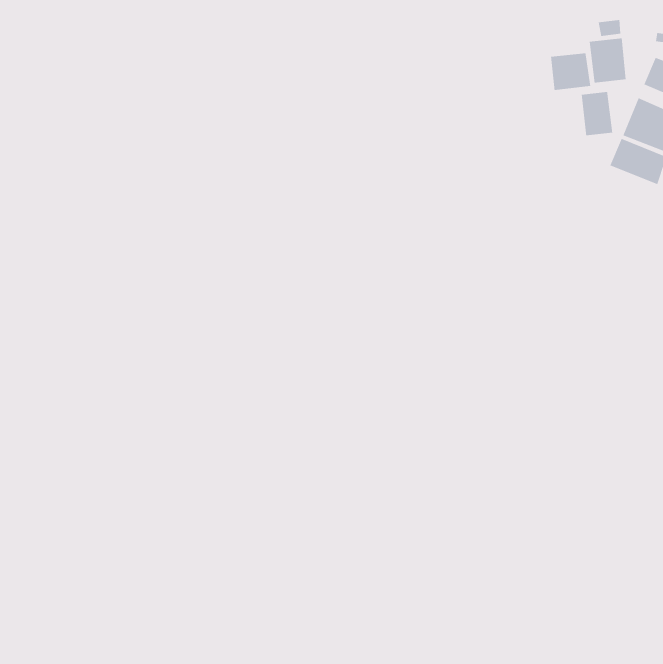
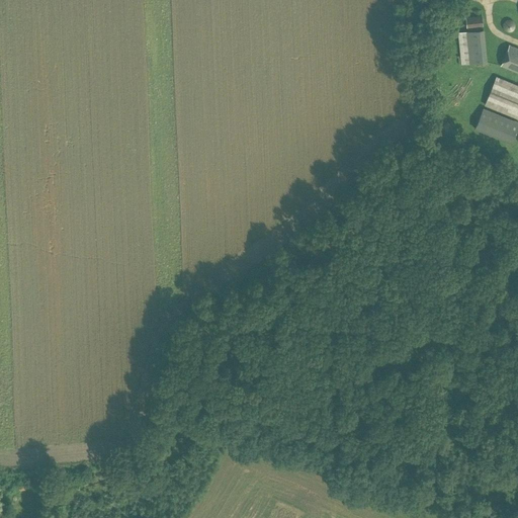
building: [551,52,591,91] -> none
building: [581,91,613,136] -> none

